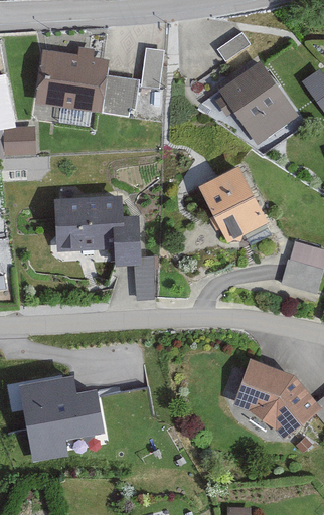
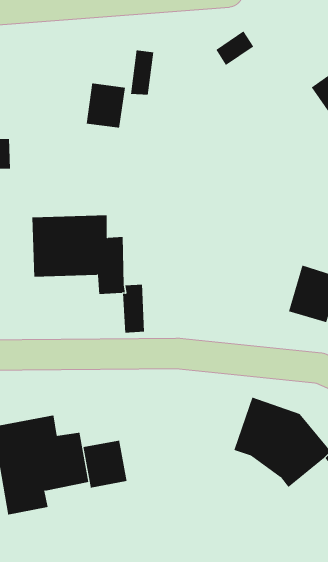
building: [33,49,106,114] -> none
building: [218,61,297,144] -> none
building: [198,165,265,240] -> none
building: none -> [83,440,127,489]

